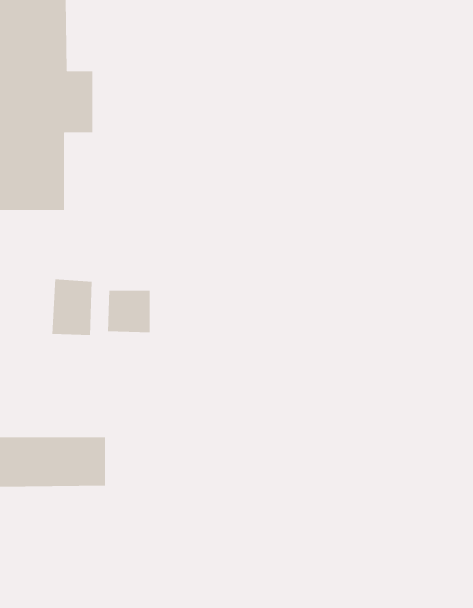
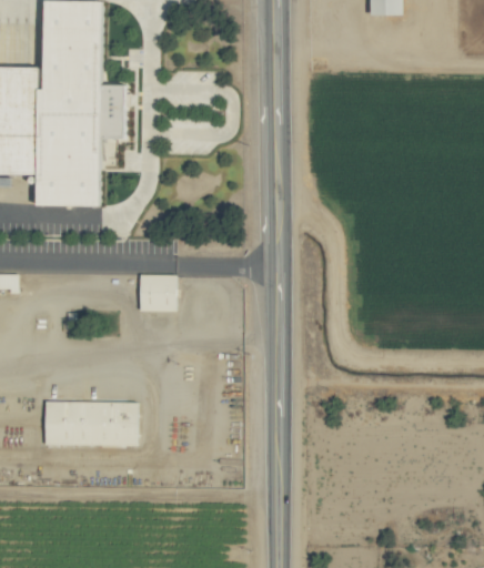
building: [52,278,92,336] -> none

